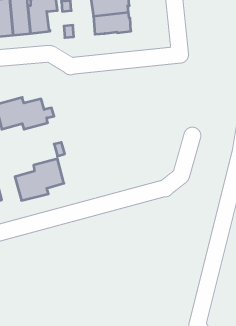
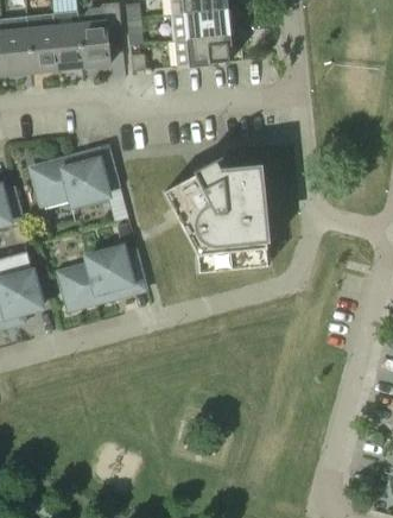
building: none -> [164,162,267,254]

